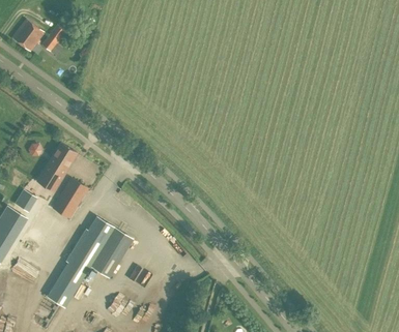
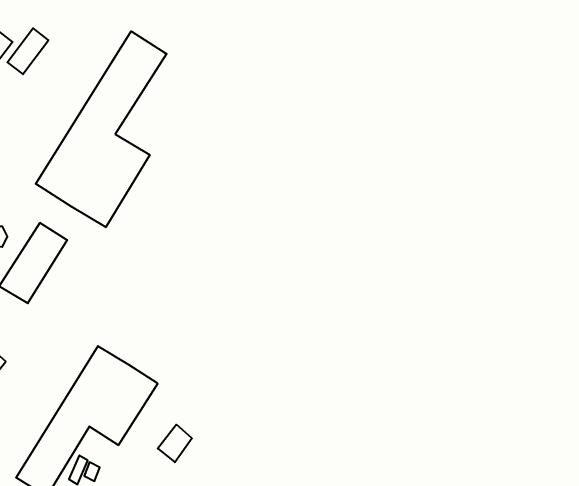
building: none -> [36,31,167,227]
building: [53,179,88,218] -> none

